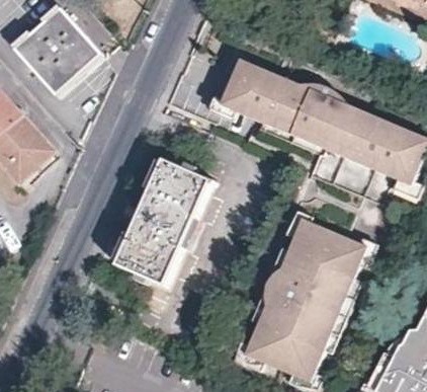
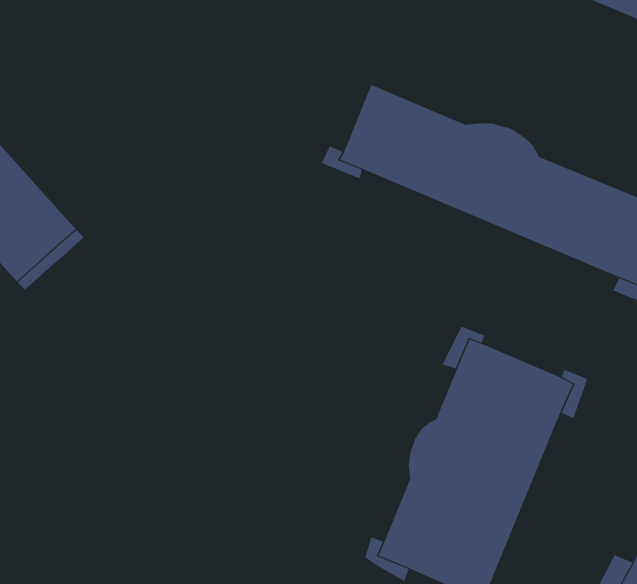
building: [14,8,99,93] -> none
building: [114,157,210,288] -> none

